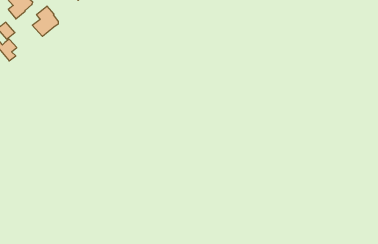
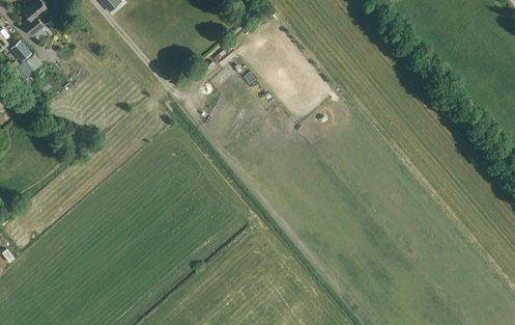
building: [32,6,58,36] -> none

